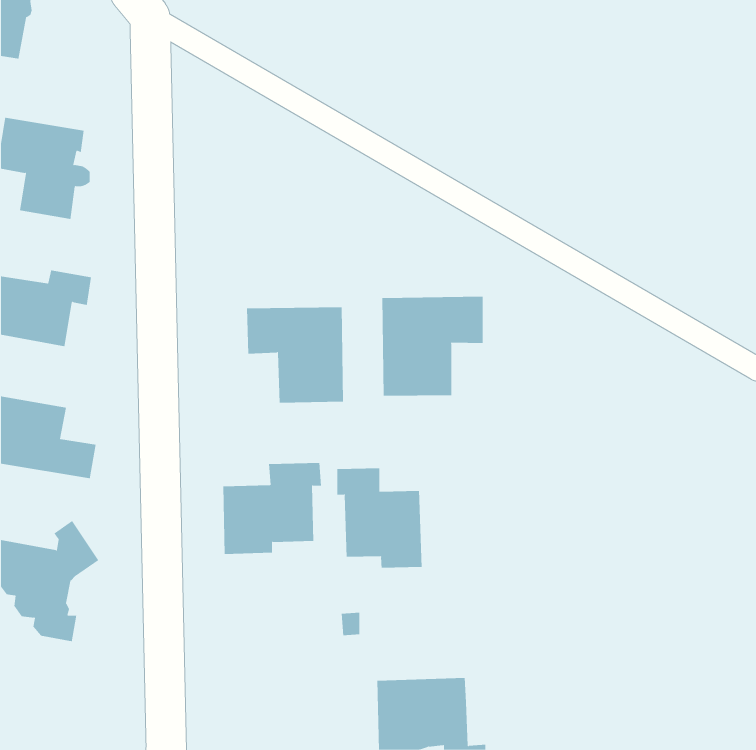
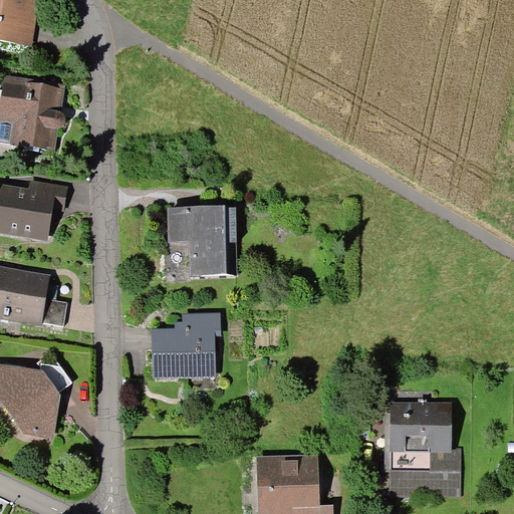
building: [382,296,483,396] -> none
building: [337,467,422,569] -> none
building: none -> [389,403,461,494]

